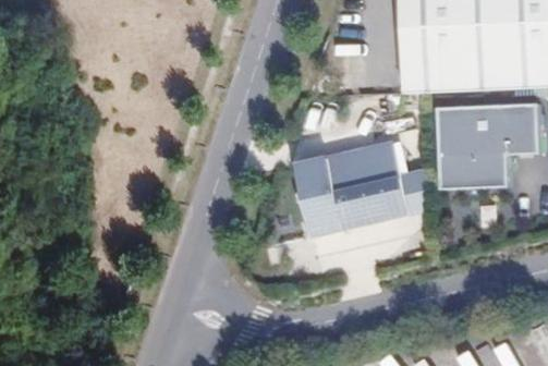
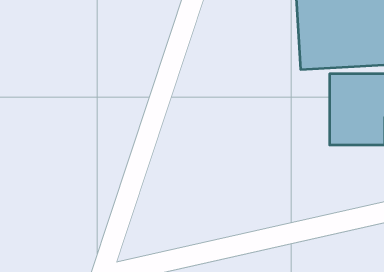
building: [293,141,411,236] -> none

